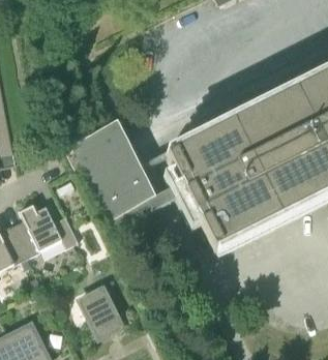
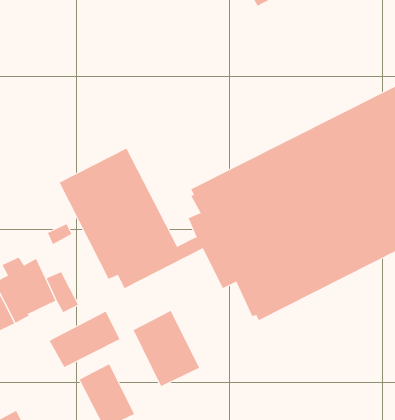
building: none -> [133,310,200,387]
building: none -> [49,311,120,368]

